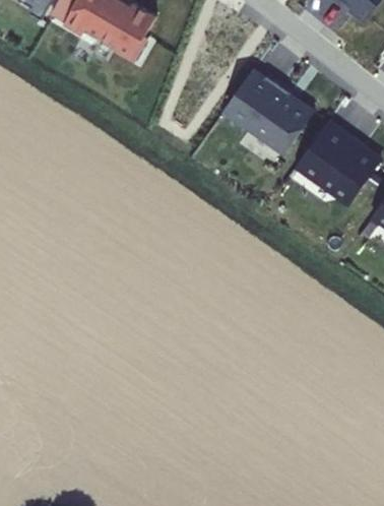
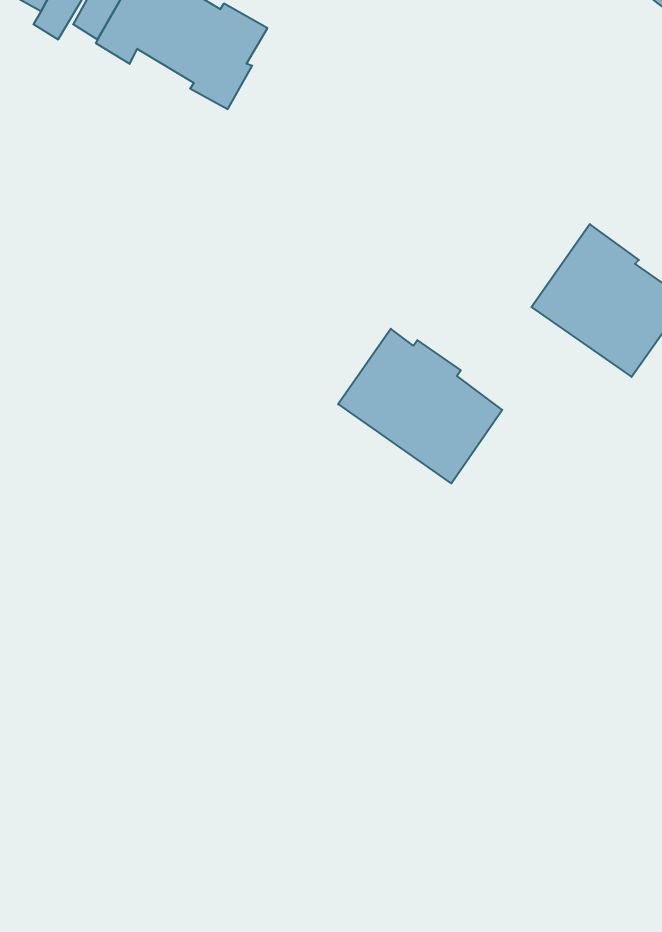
building: [221,70,310,153] -> [338,329,502,483]

